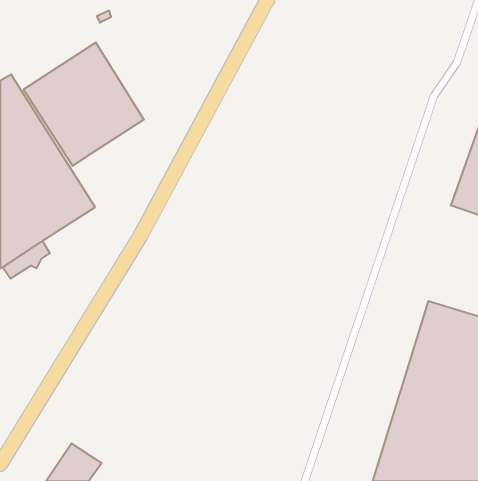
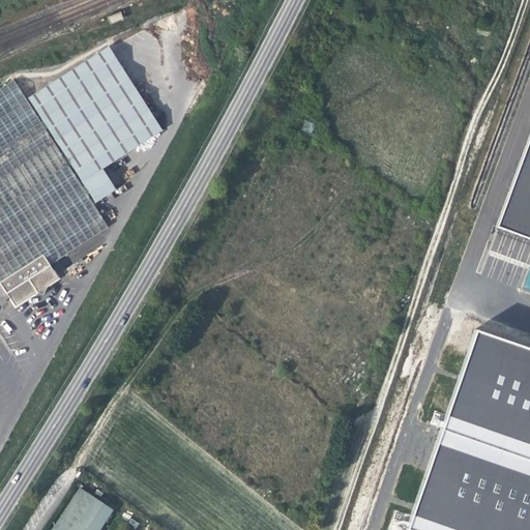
building: none -> [83,169,117,203]

